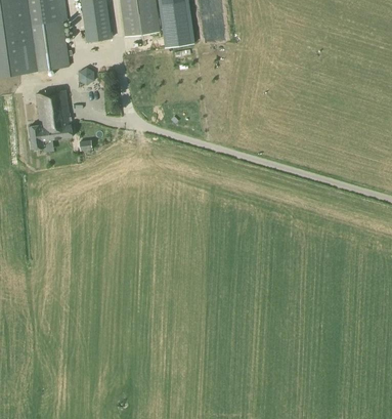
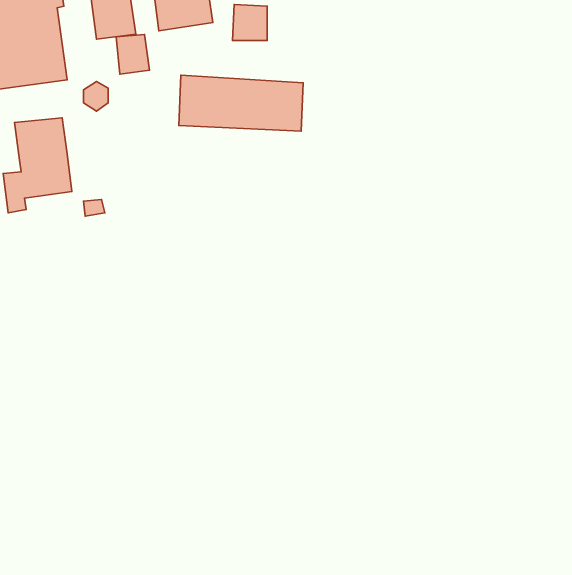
building: none -> [116,35,149,74]
building: none -> [179,75,303,131]

